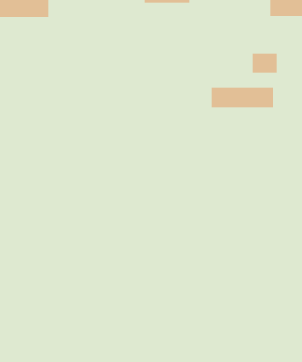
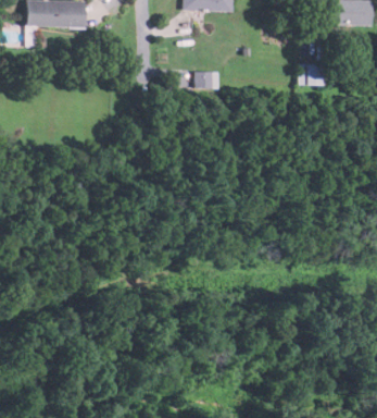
building: none -> [197,72,222,89]
building: [211,87,274,108] -> none

